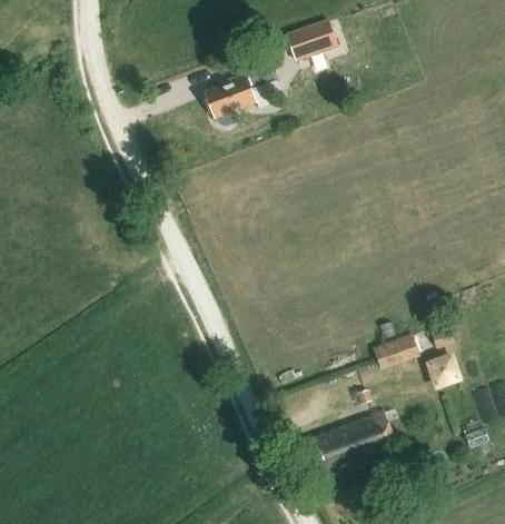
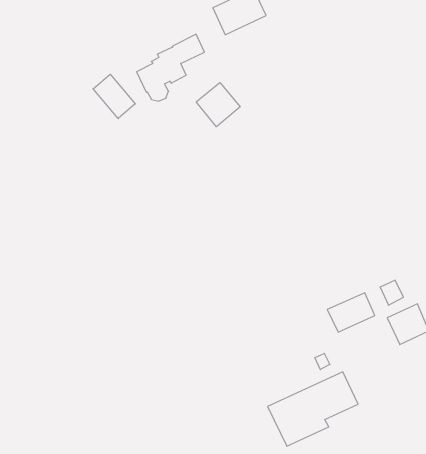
building: none -> [93,74,135,119]
building: none -> [196,83,240,127]

